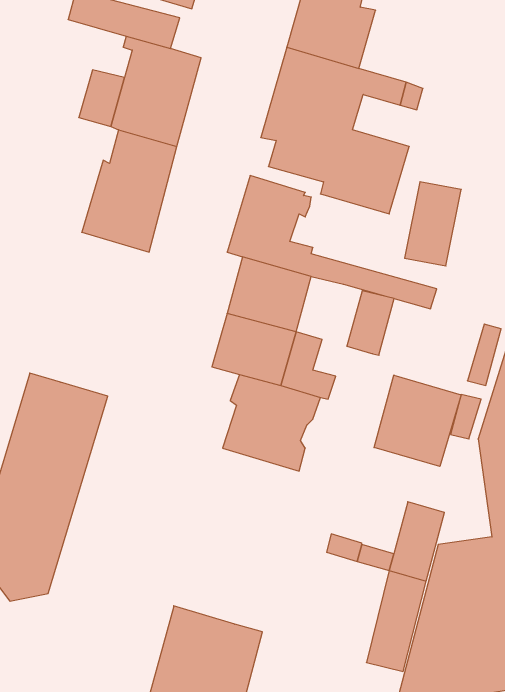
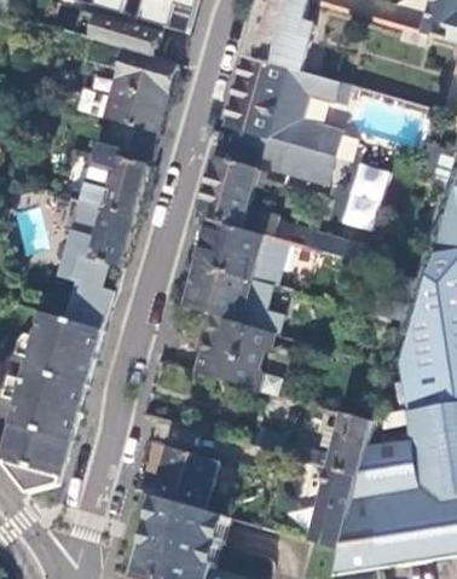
building: none -> [60,196,137,329]
building: [347,291,394,355] -> [253,235,290,285]
building: [374,375,461,466] -> none
building: none -> [156,446,218,509]

